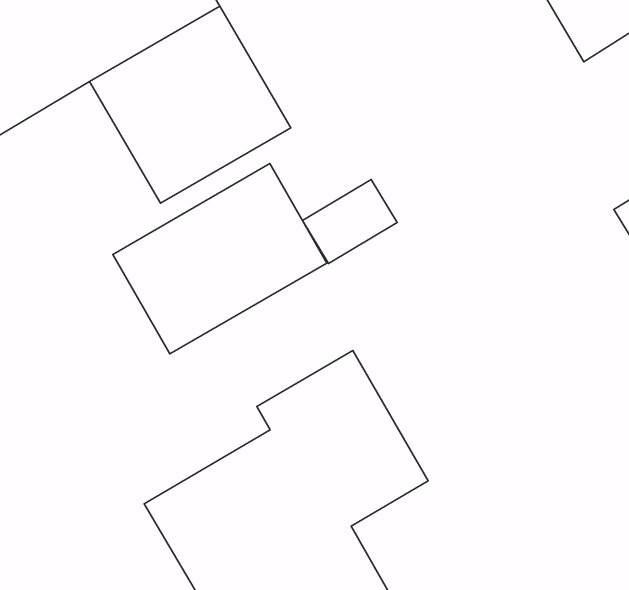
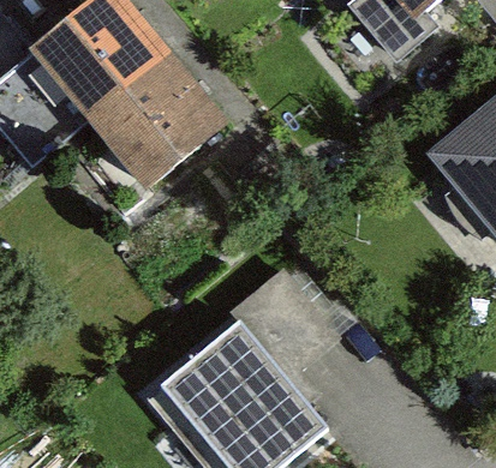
building: [113,163,327,354] -> none

